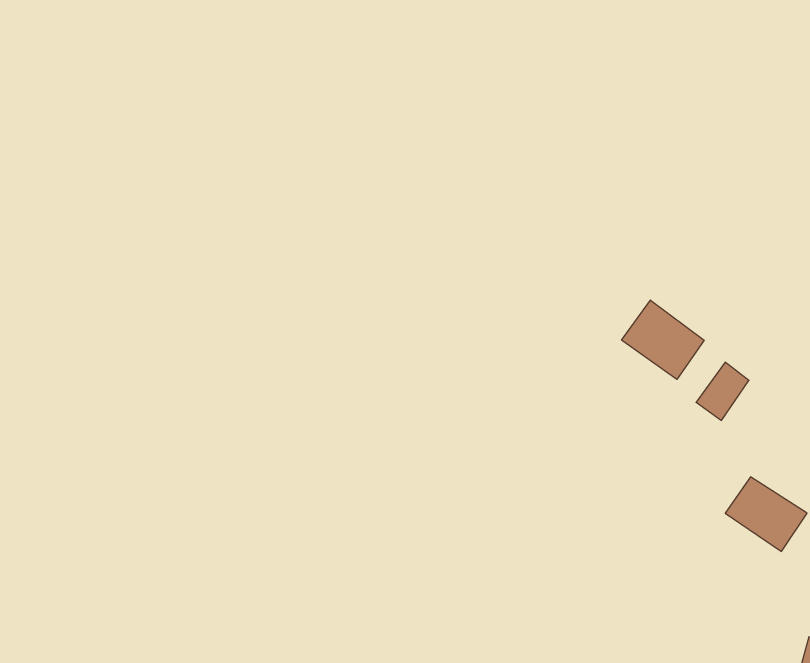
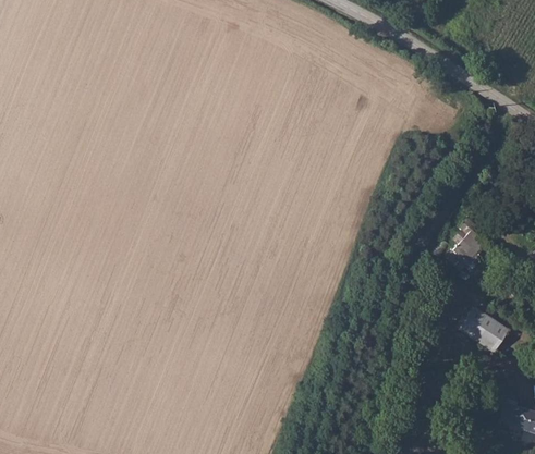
building: [622,300,704,379] -> none

